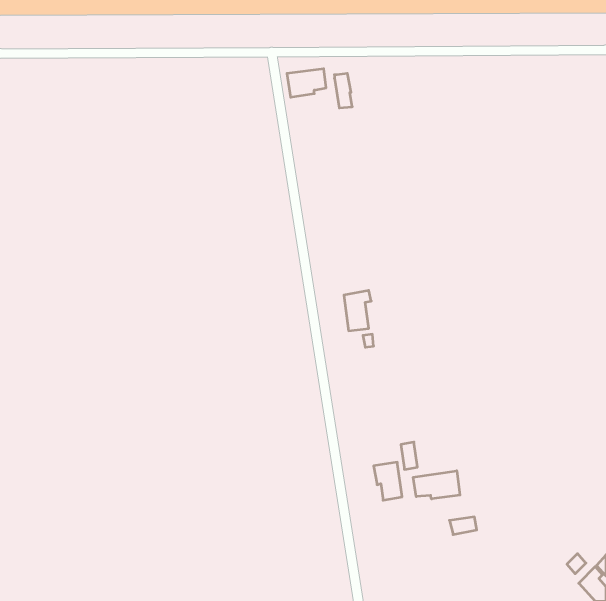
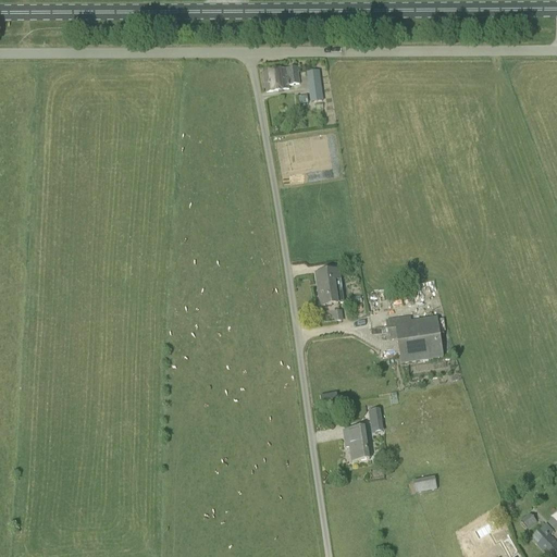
building: none -> [386,314,443,360]
building: [413,471,460,499] -> none

